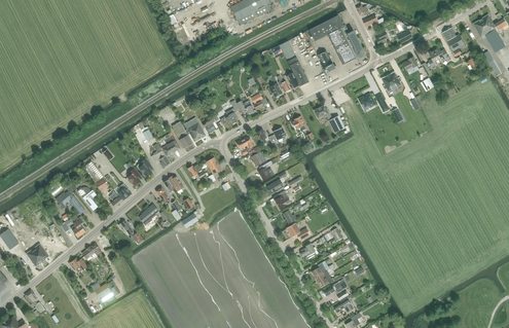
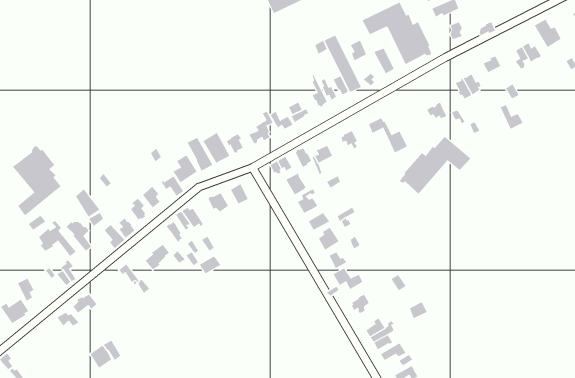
building: none -> [400,136,471,195]
building: none -> [12,146,61,216]

